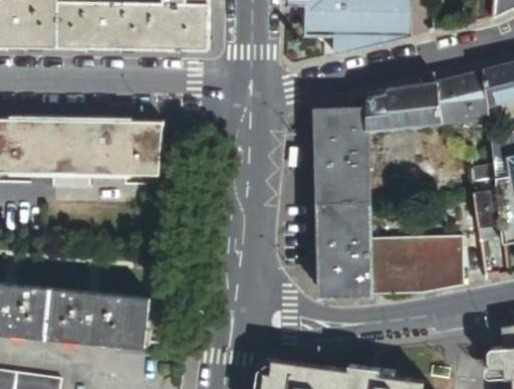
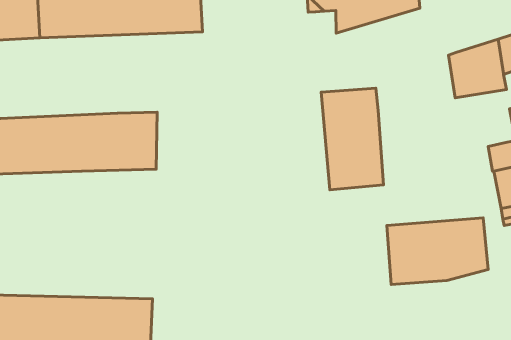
building: [366,83,440,132] -> none
building: [318,201,370,296] -> none

